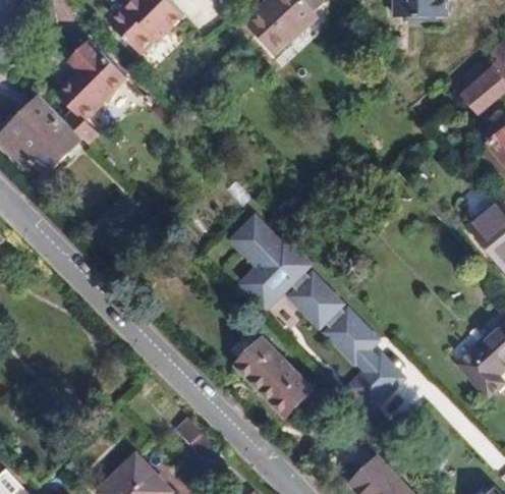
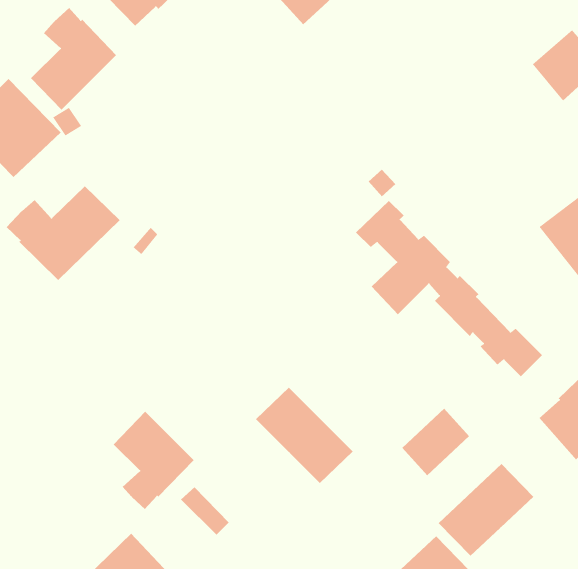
building: none -> [6,185,120,281]
building: [231,216,379,355] -> [355,200,543,377]
building: none -> [113,411,195,510]
building: none -> [438,463,534,557]

